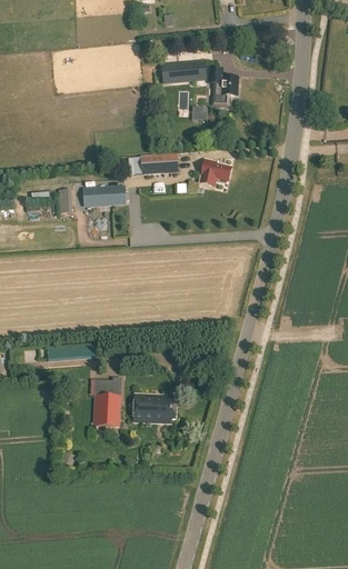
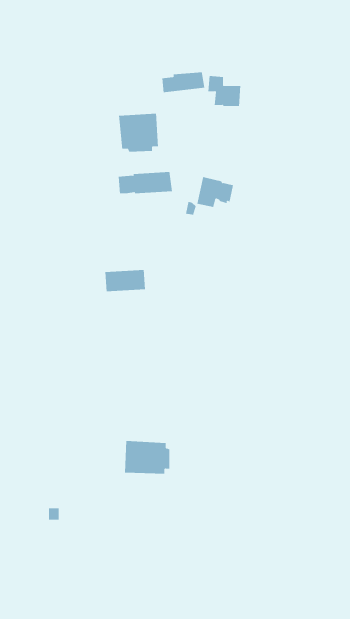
building: none -> [118,113,158,152]
building: [83,186,120,206] -> [105,269,146,292]
building: [92,379,120,427] -> none

